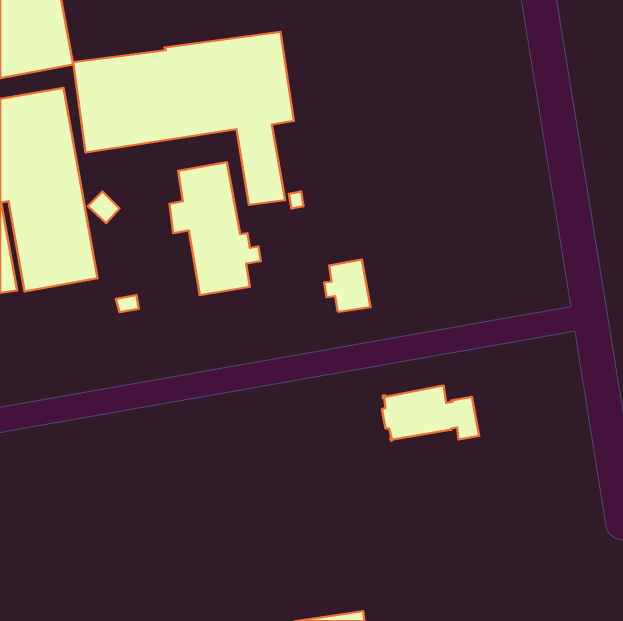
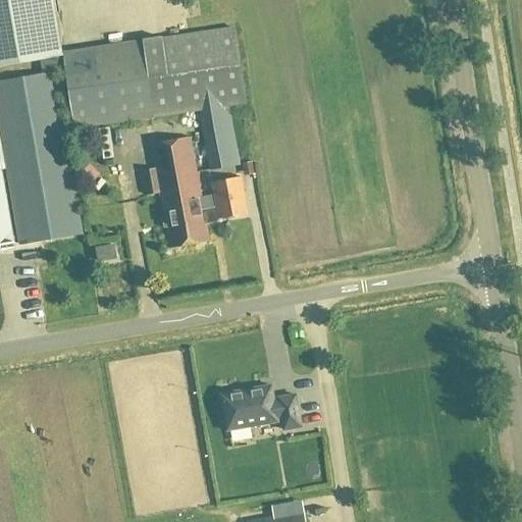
building: [324,259,370,312] -> [207,175,246,219]
building: [382,386,479,441] -> [219,384,301,430]

